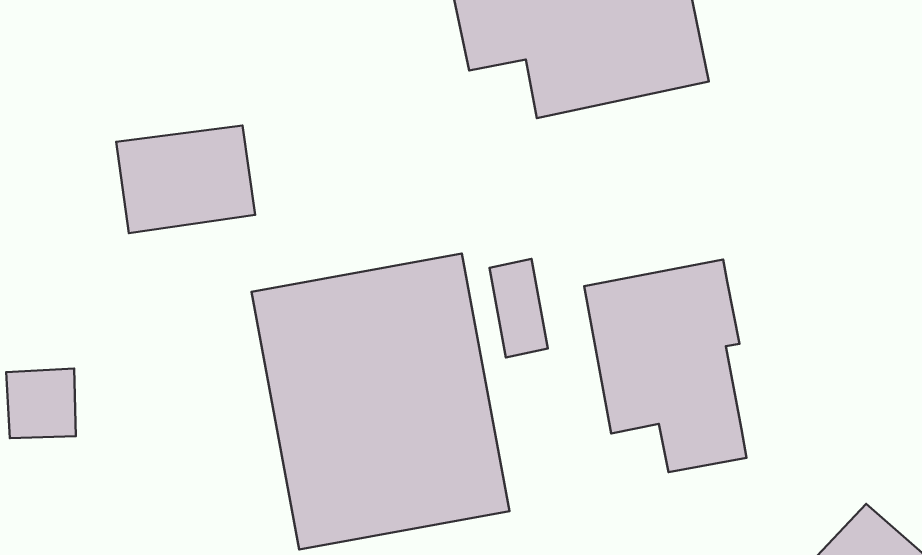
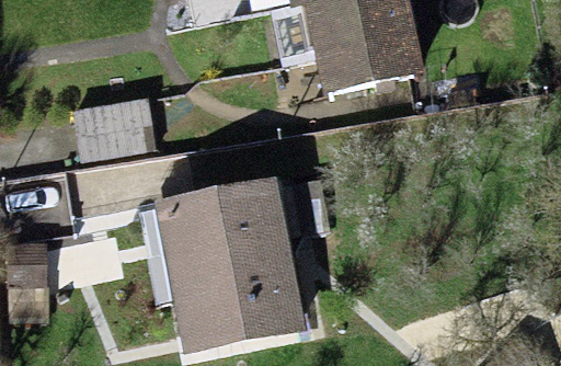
building: [584,259,746,472] -> none

